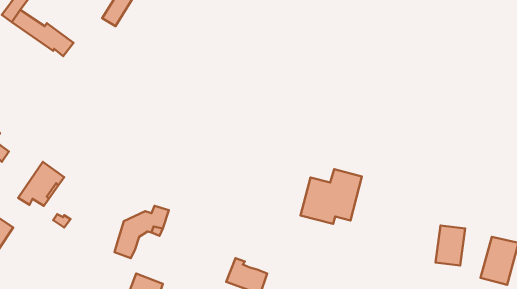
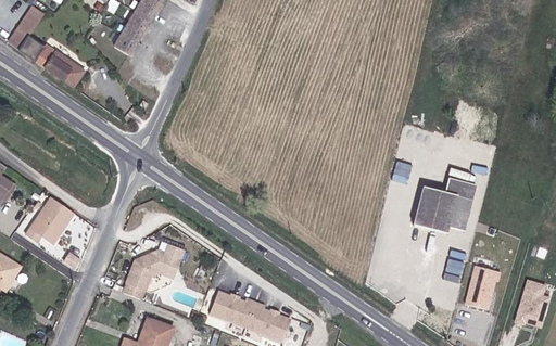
building: [300,169,362,224] -> [416,178,481,235]
building: none -> [210,290,254,324]

